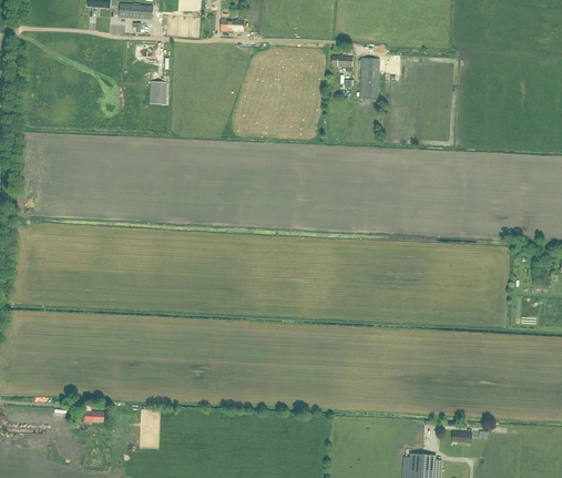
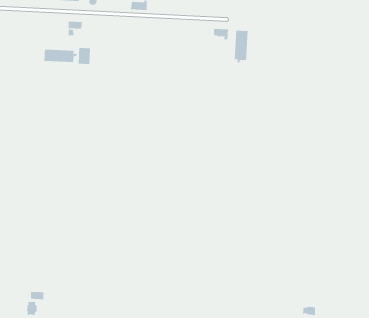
building: none -> [44,49,77,63]

